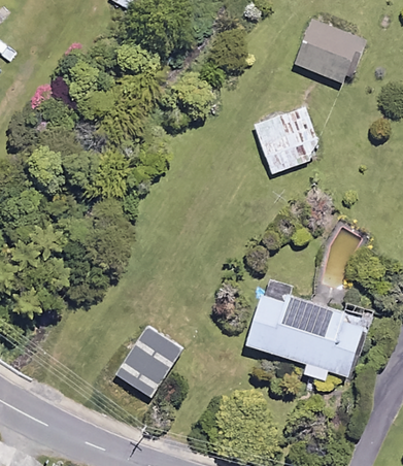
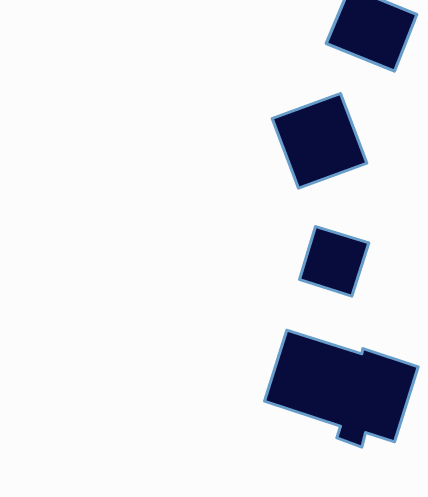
building: none -> [299,227,369,296]
building: [111,325,181,398] -> none

